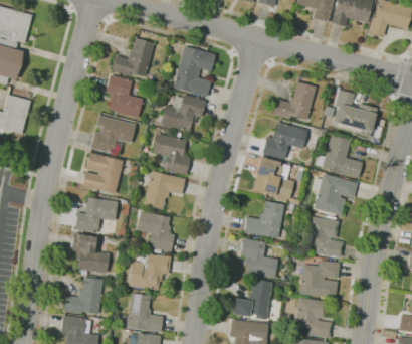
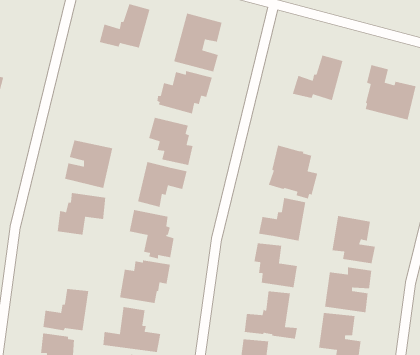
building: [106,74,143,118] -> none
building: [90,115,135,155] -> none
building: [262,123,307,159] -> none
building: [316,135,362,178] -> none
building: [312,174,357,215] -> none
building: [71,234,109,275] -> none

